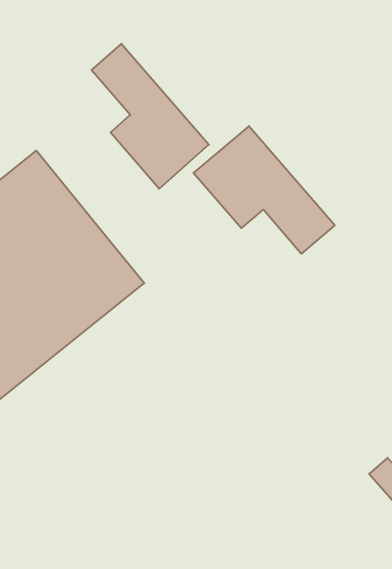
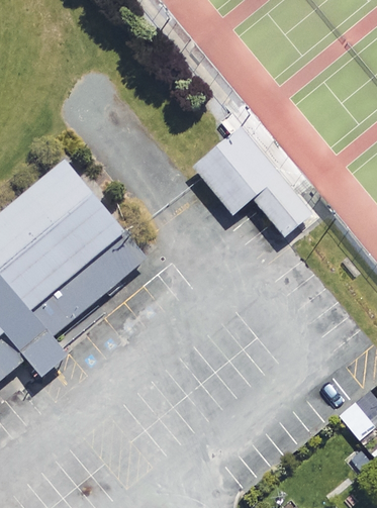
building: [92,44,209,189] -> none

